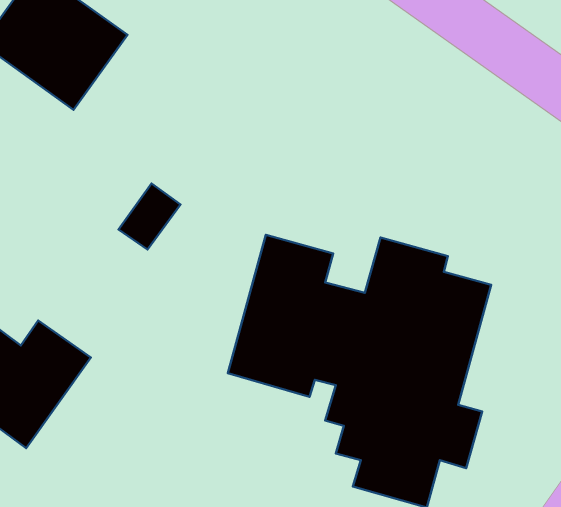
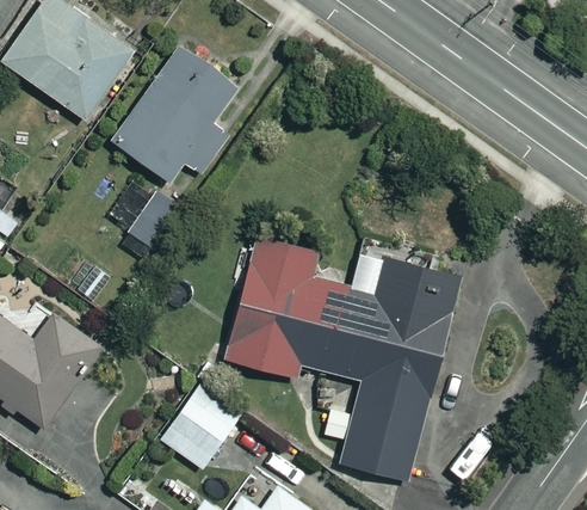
building: none -> [111,45,239,180]
building: none -> [161,385,240,468]

